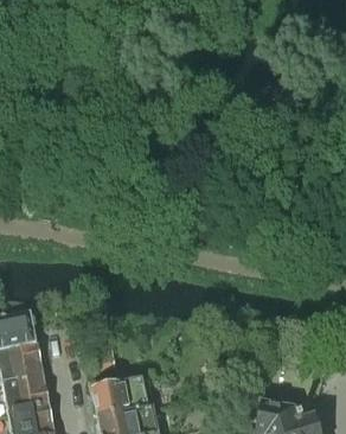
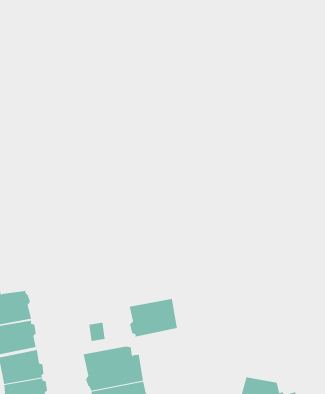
building: none -> [129,298,178,338]

